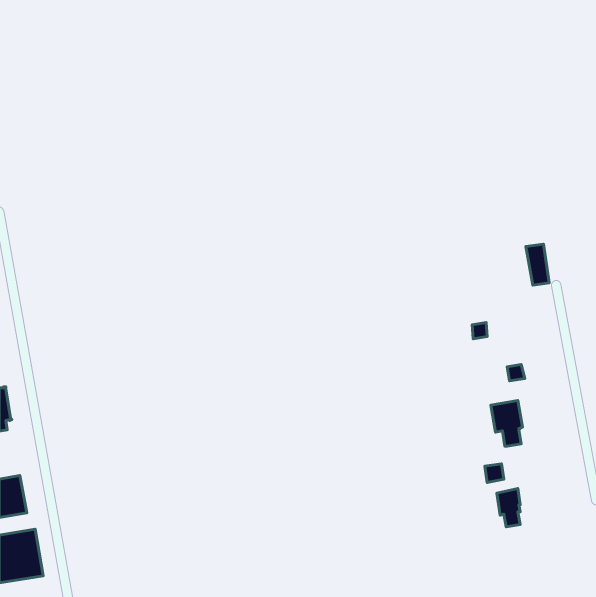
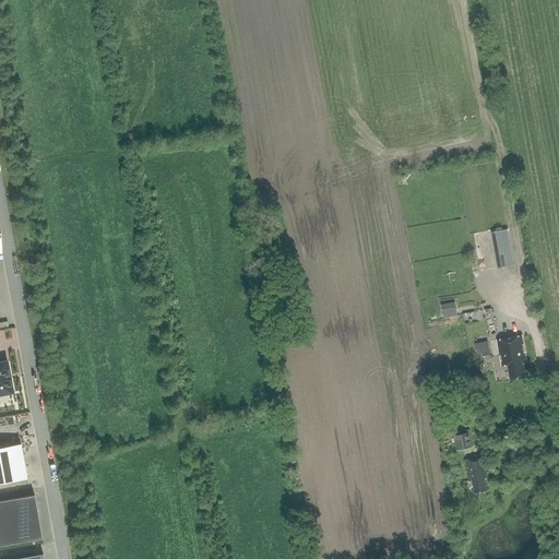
building: [491,400,522,446] -> [496,336,525,379]

